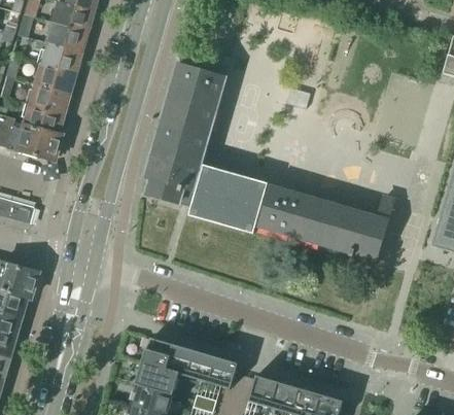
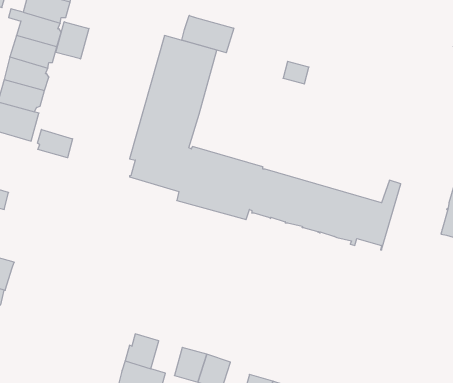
building: none -> [182,15,234,53]
building: none -> [56,22,89,59]
building: none -> [38,129,73,158]
building: [165,343,194,375] -> none

